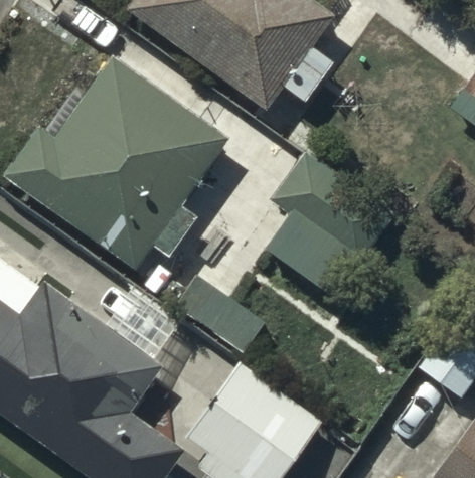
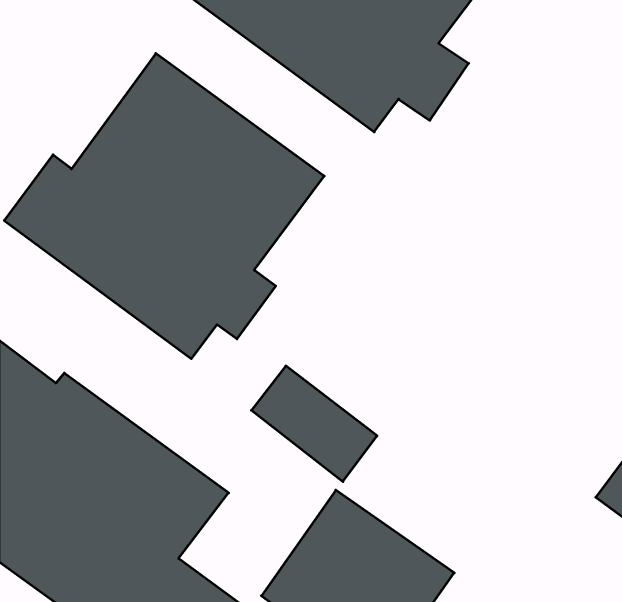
building: [266,152,392,294] -> none

